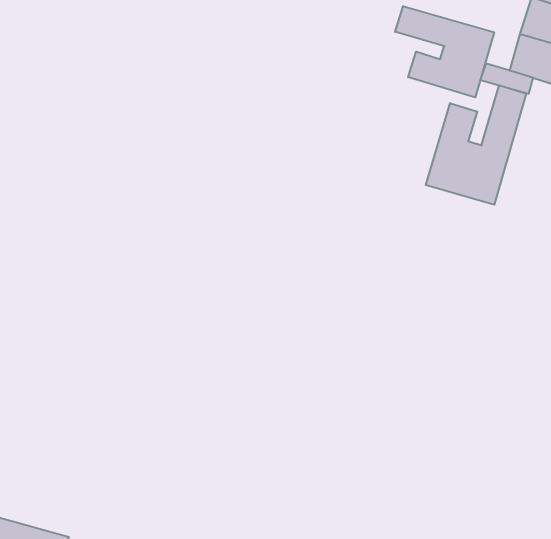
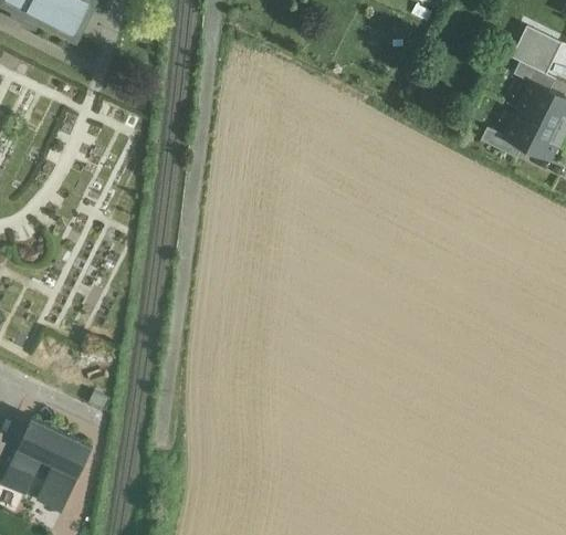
building: [395,6,494,97] -> none
building: [426,85,526,205] -> none

